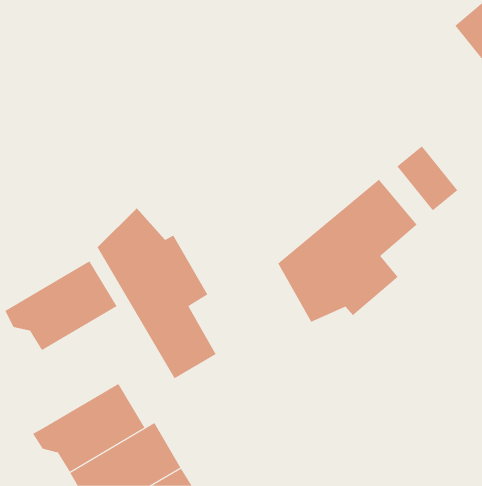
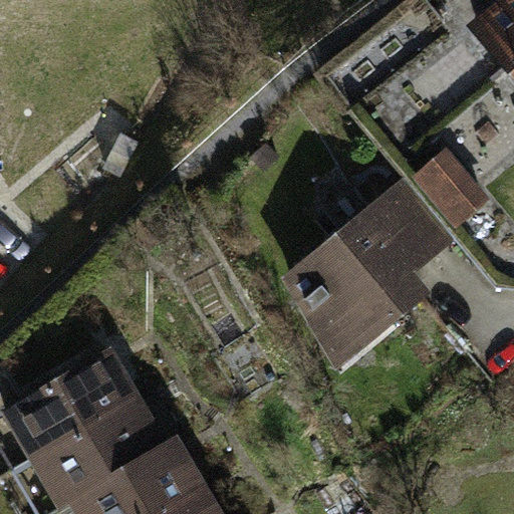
building: [97,207,217,379] -> none
building: [4,261,118,351] -> [10,356,130,452]

